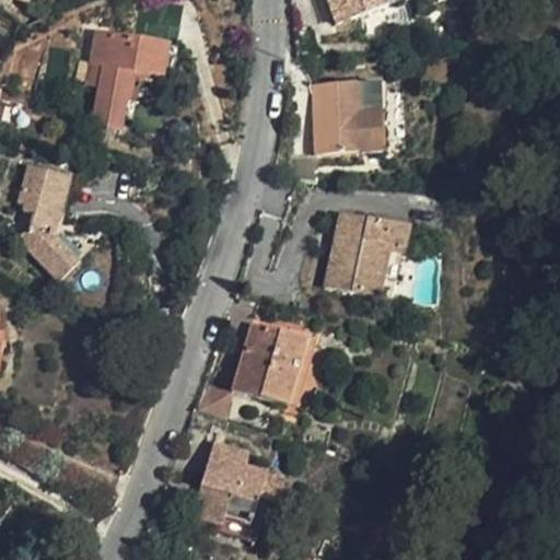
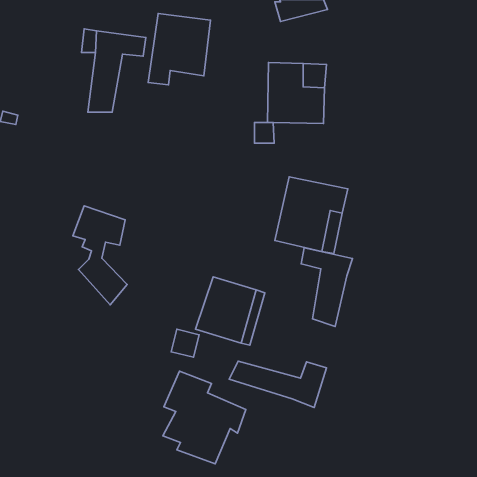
building: none -> [148,13,210,85]
building: [13,164,77,280] -> [73,206,127,305]
building: none -> [301,248,353,326]
building: none -> [229,361,326,407]

